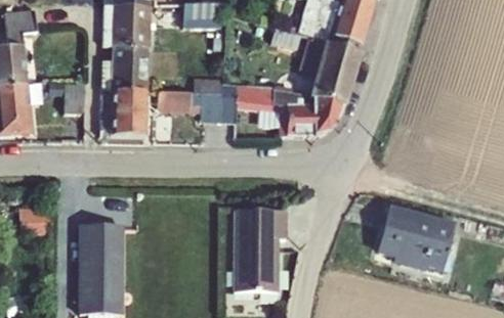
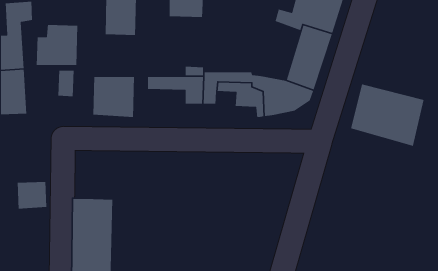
building: [101,46,148,91] -> [36,24,78,66]
building: [376,206,457,274] -> [350,83,425,147]
building: [226,209,287,292] -> none

